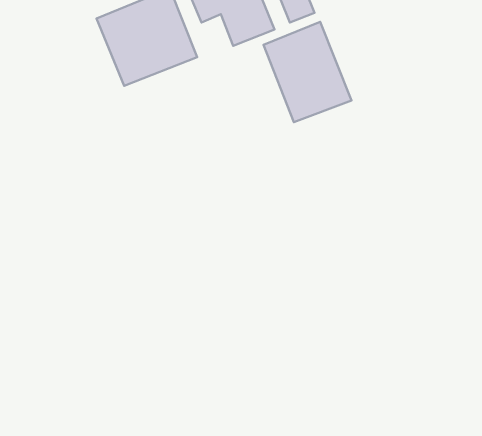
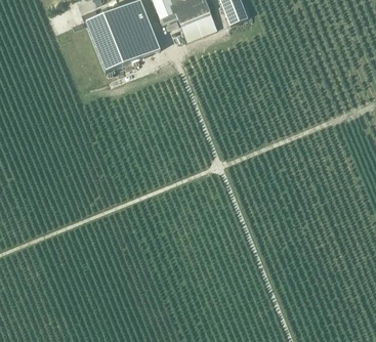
building: [263,22,352,122] -> none

